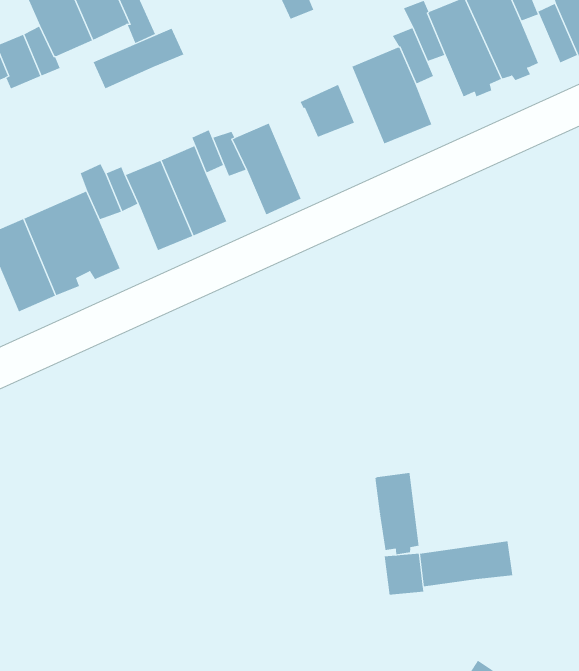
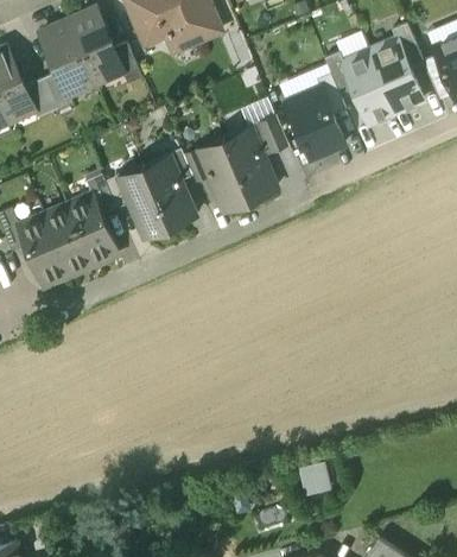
building: [93,28,184,89] -> none
building: none -> [226,132,275,198]
building: [375,472,419,555] -> none
building: [420,541,513,587] -> none

